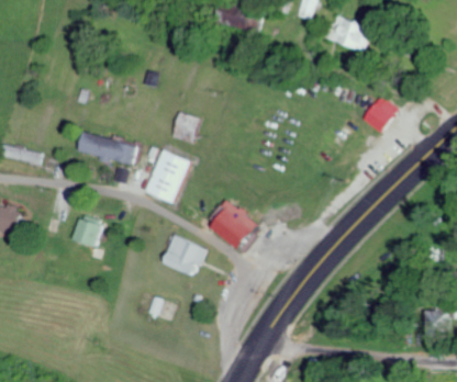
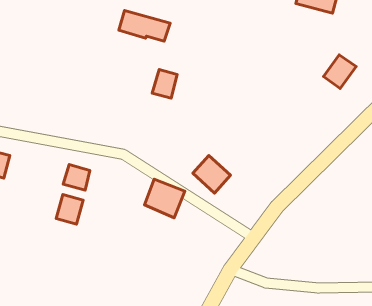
building: [77,131,134,165] -> [119,10,170,41]
building: [144,148,190,203] -> none
building: none -> [56,195,83,224]

